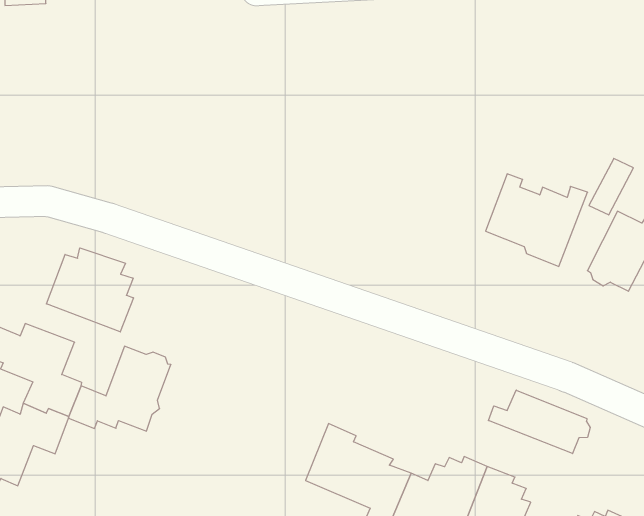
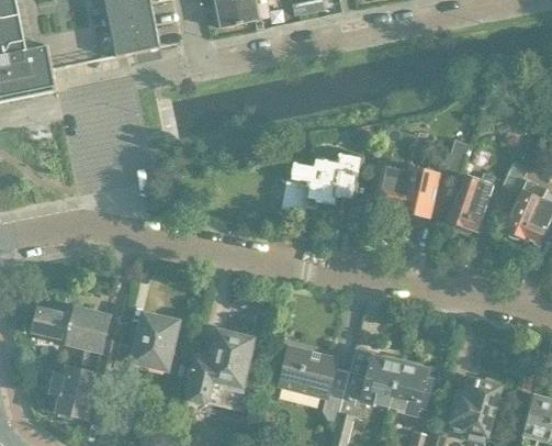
building: none -> [285,152,361,210]
building: [46,248,133,332] -> none
building: none -> [184,331,260,406]
building: [488,390,590,454] -> none

